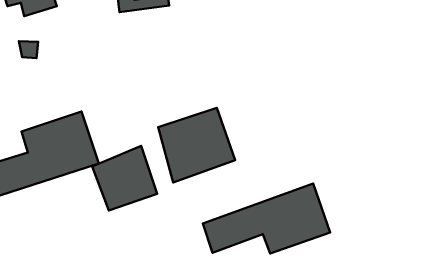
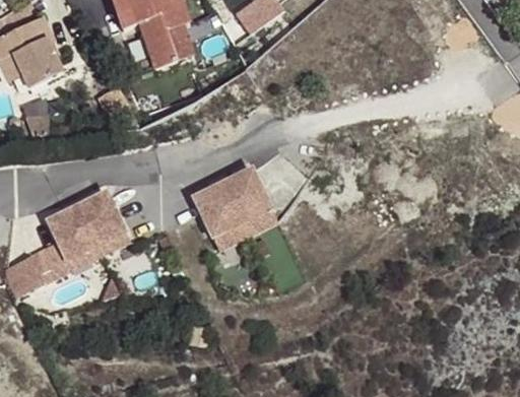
building: [92,146,157,211] -> none
building: [203,184,330,254] -> none

